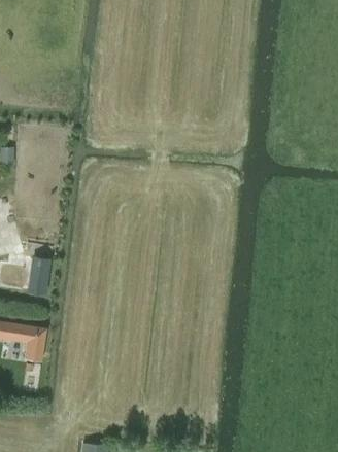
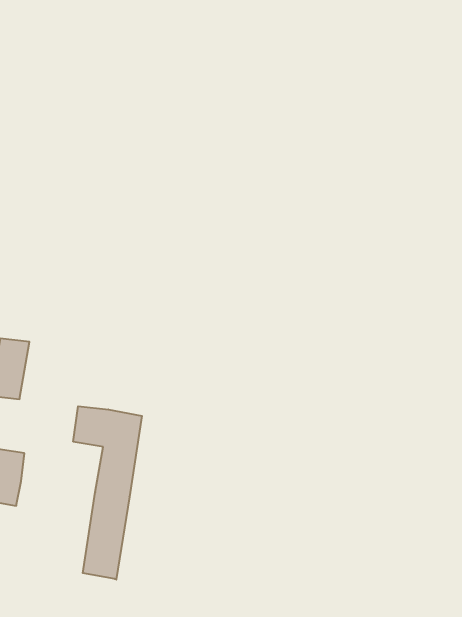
building: none -> [73,406,142,580]

